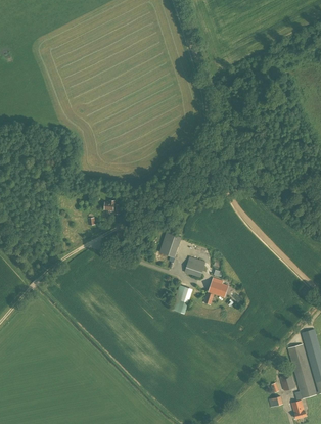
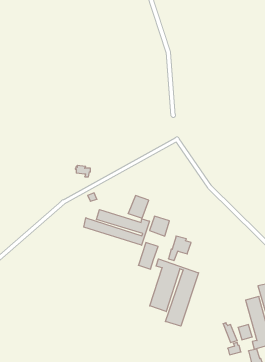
building: none -> [84,210,149,245]
building: none -> [150,259,199,326]

